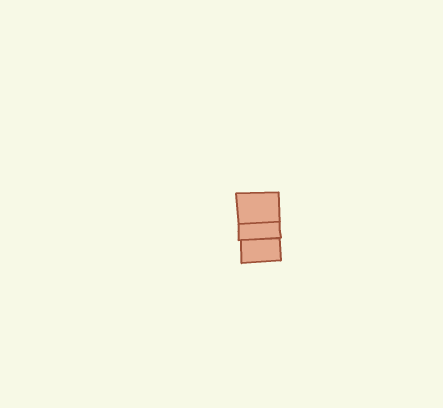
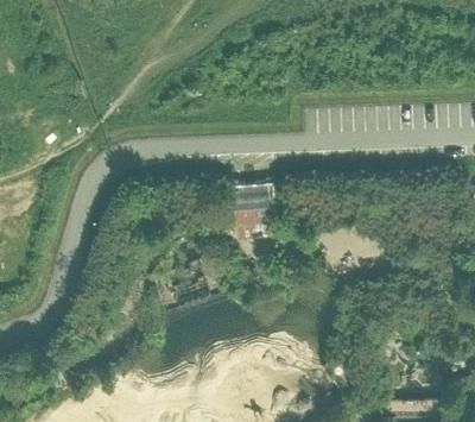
building: [241,238,281,263] -> none

